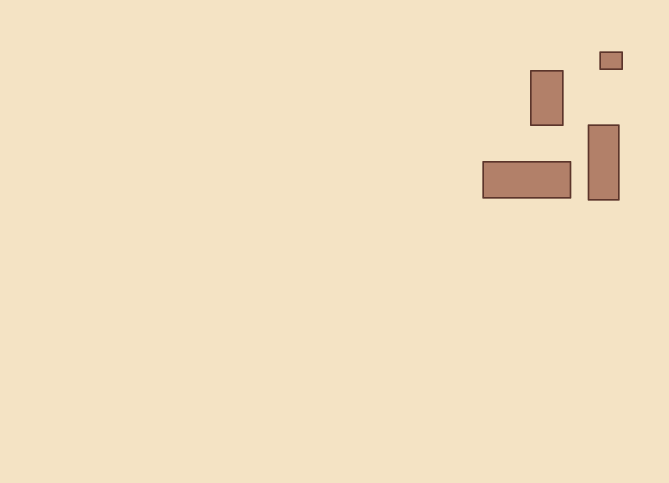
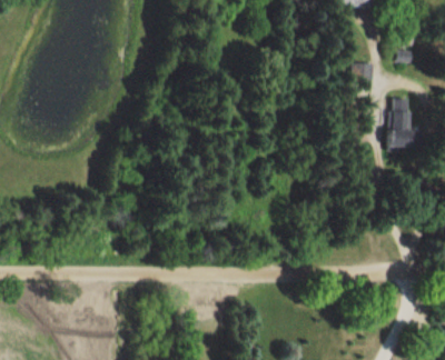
building: [483,162,571,198] -> none

